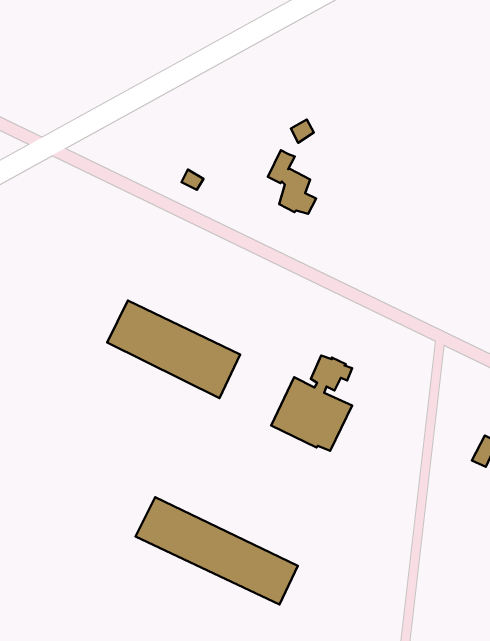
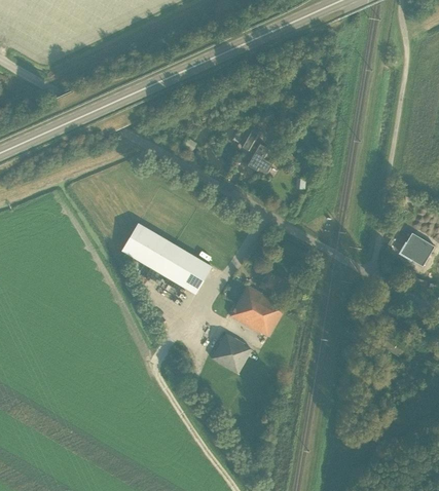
building: none -> [211,333,252,374]
building: [135,497,298,604] -> none

